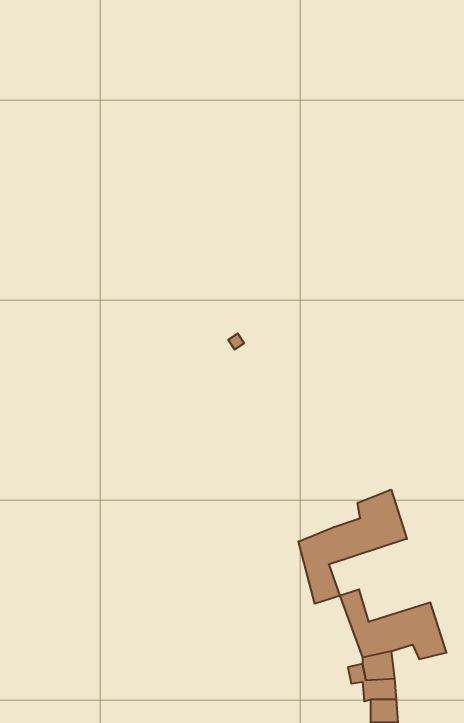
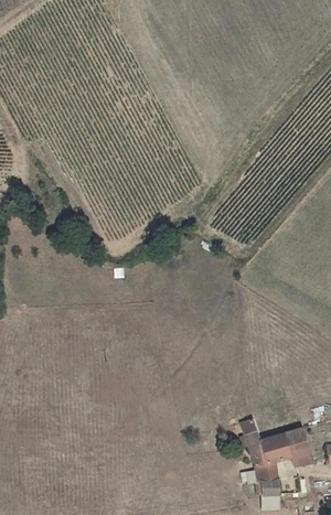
building: [298,490,407,604] -> none

